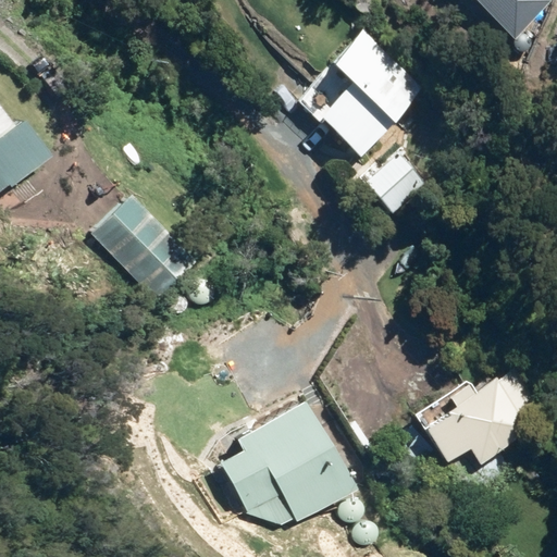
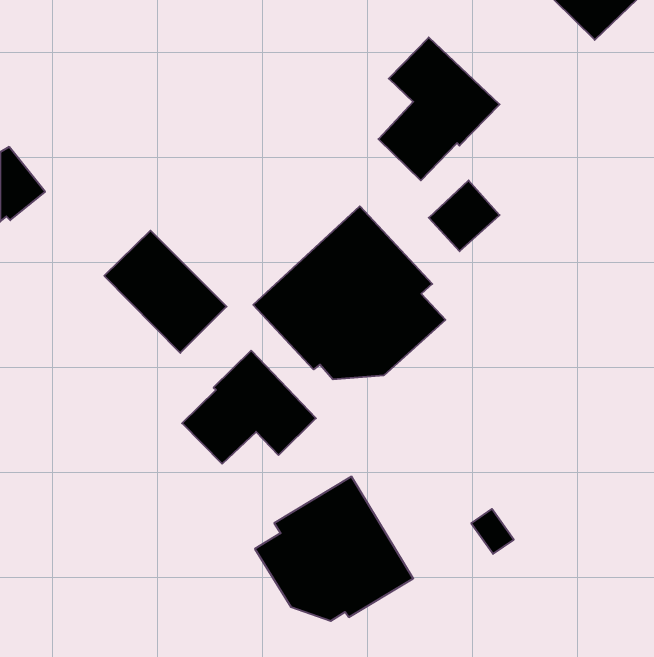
building: none -> [253,206,445,379]
building: none -> [182,351,316,464]
building: [424,367,541,466] -> none

